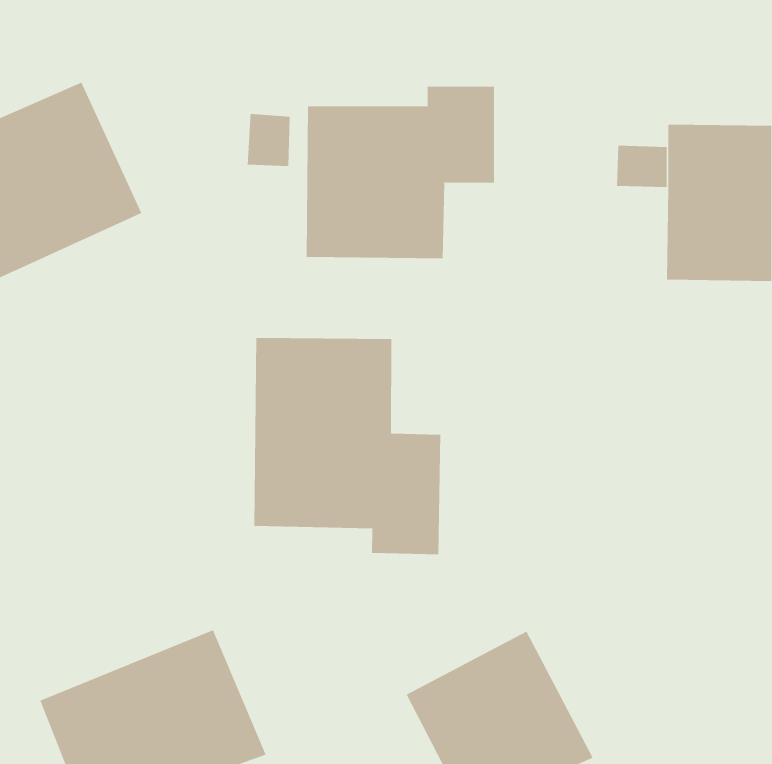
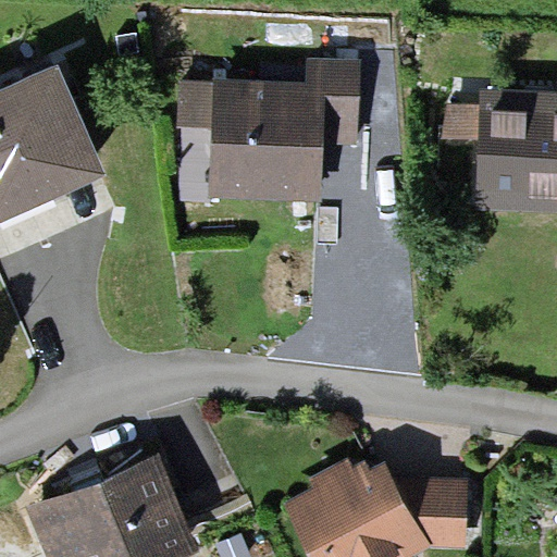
building: [254,337,441,555] -> none
building: none -> [391,481,465,552]

